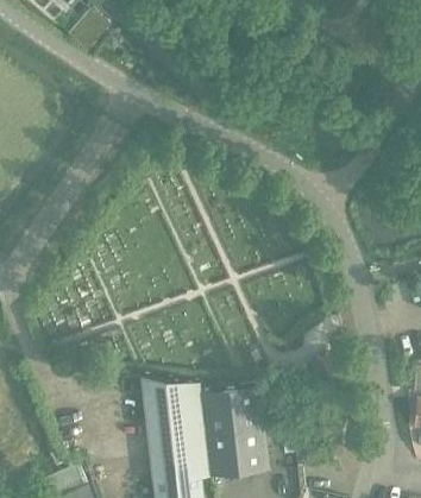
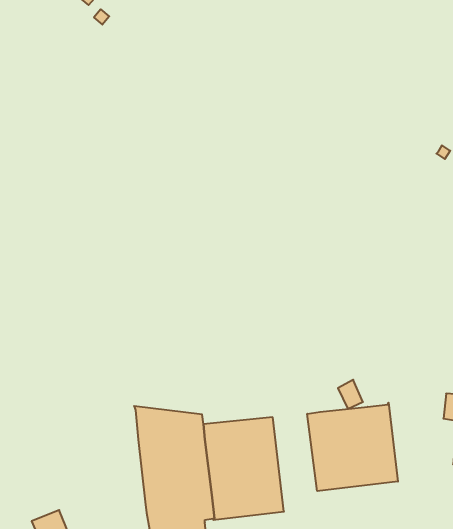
building: none -> [307,403,398,491]

